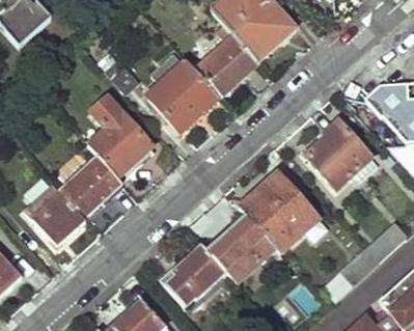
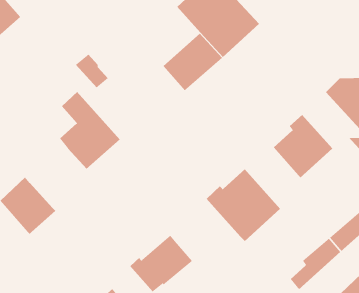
building: [148,52,218,130] -> none
building: [58,155,123,216] -> none
building: [209,216,275,281] -> none

